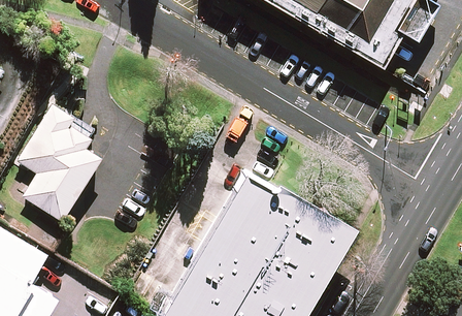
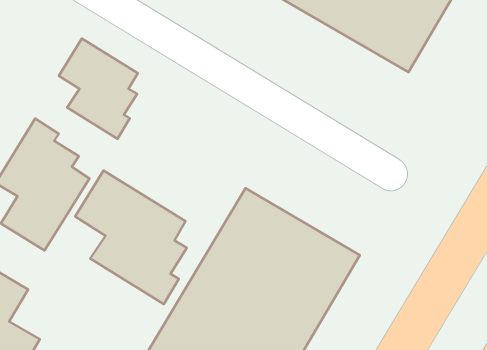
building: none -> [59,38,138,139]
building: none -> [75,170,187,304]

